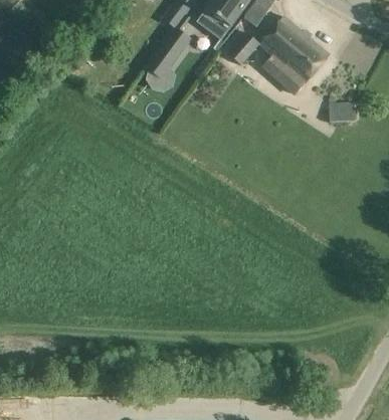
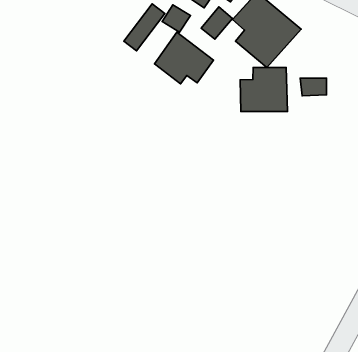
building: none -> [154,32,213,84]
building: none -> [240,68,287,111]

